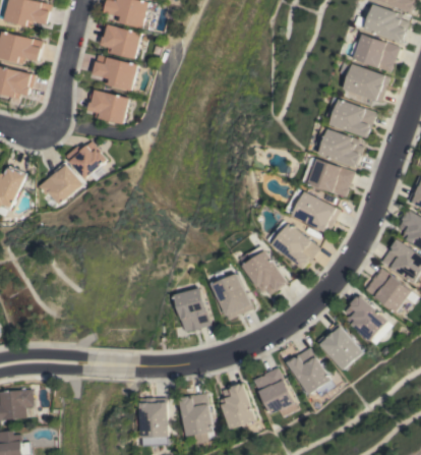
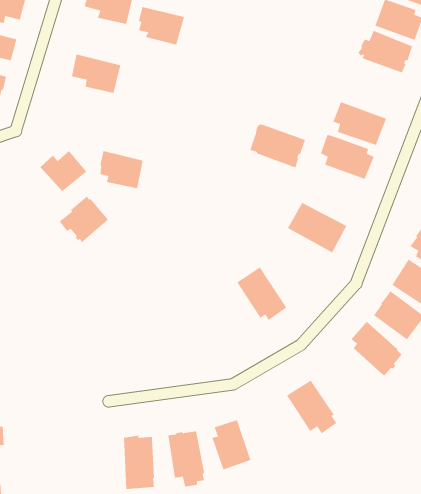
building: [101,24,142,59] -> [138,7,185,45]
building: [341,61,389,103] -> none
building: [88,90,128,124] -> [100,150,144,189]
building: [304,158,355,197] -> [249,124,306,168]
building: [38,163,82,206] -> [59,196,109,243]
building: [269,220,320,270] -> none
building: [213,272,253,321] -> none
building: [176,288,212,332] -> none
building: [316,324,361,371] -> none
building: [252,367,296,417] -> none

